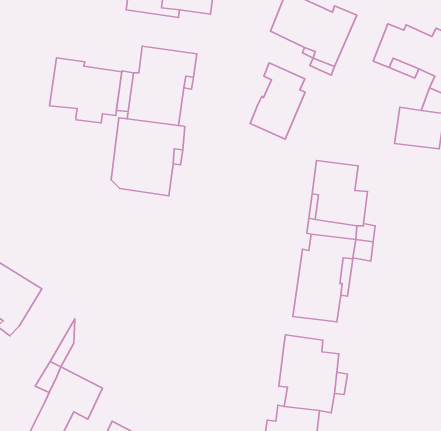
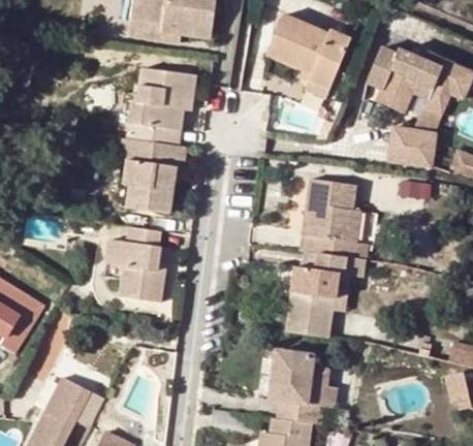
building: [49,58,122,123] -> none
building: [250,63,305,139] -> none
building: none -> [104,226,167,302]

